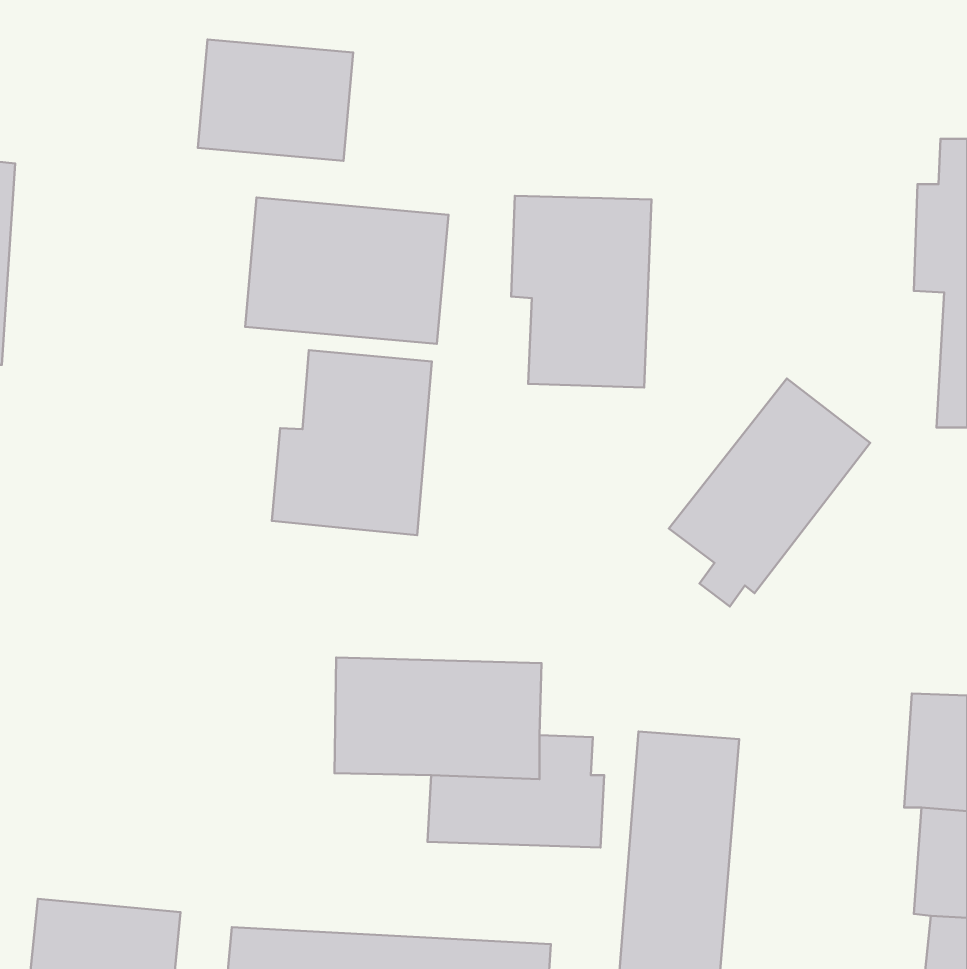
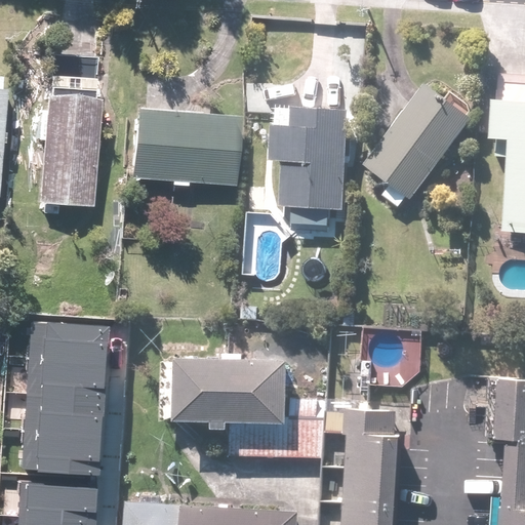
building: [198,39,353,161] -> none
building: none -> [40,94,102,207]
building: [272,350,432,535] -> none
building: [669,378,870,606] -> [367,84,476,207]
building: none -> [22,324,108,477]

